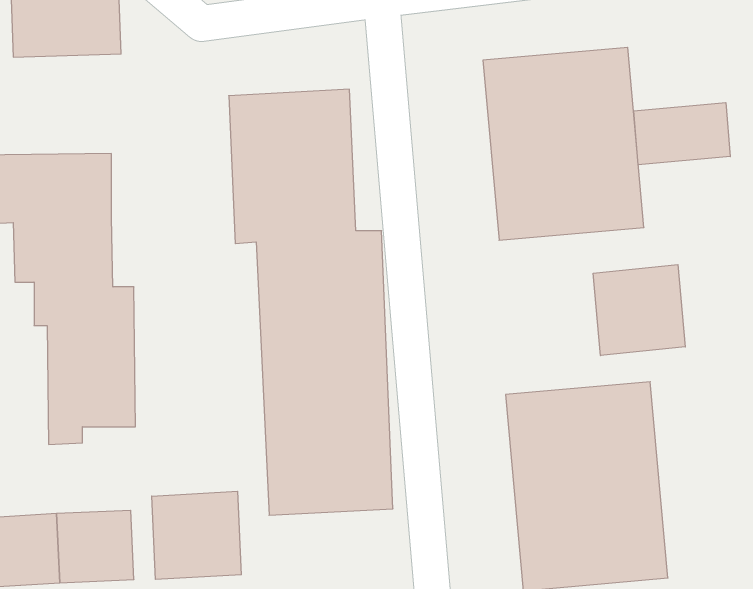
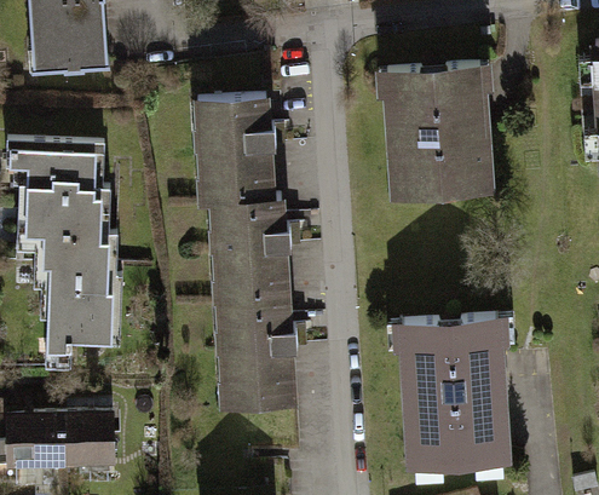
building: [634,103,730,165] -> none
building: [593,265,685,356] -> none
building: [152,491,241,579] -> none

